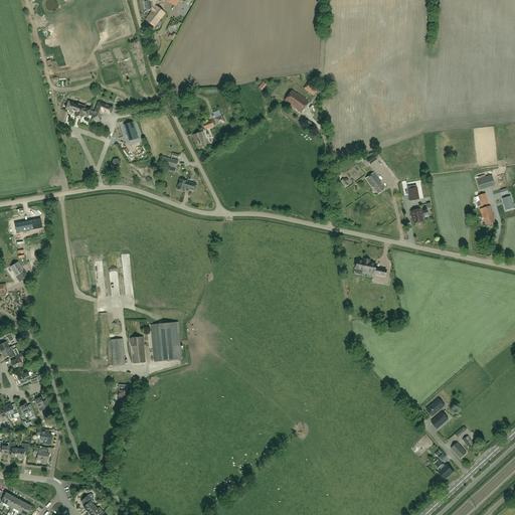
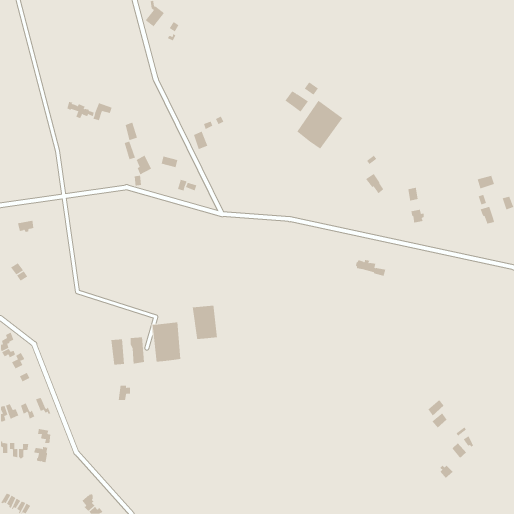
building: none -> [297,100,343,149]
building: none -> [192,305,217,340]

